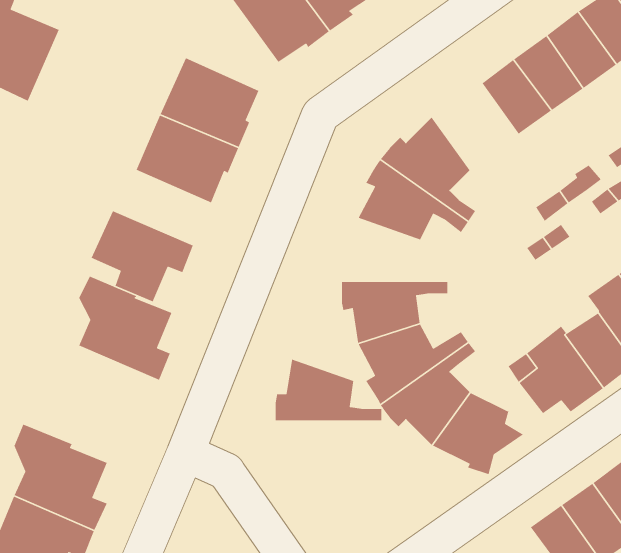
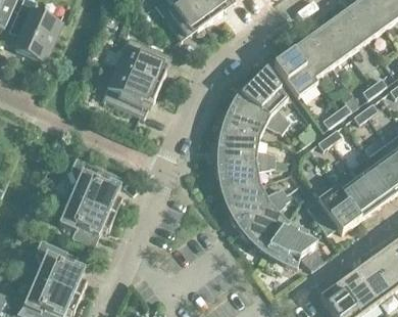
building: none -> [272,50,316,96]
building: [90,210,194,303] -> [57,195,114,246]
building: [275,358,382,421] -> [214,125,273,160]

